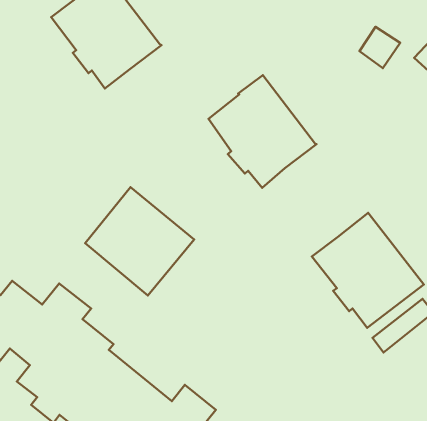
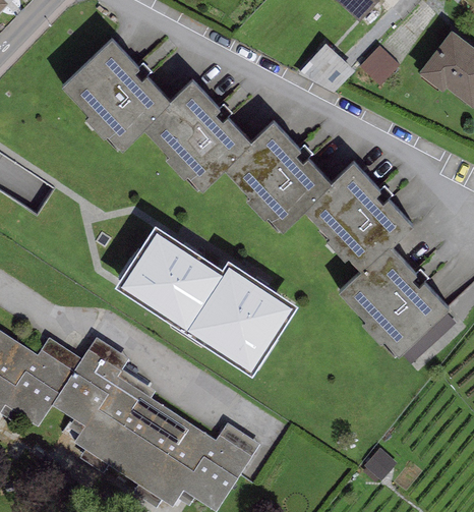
building: none -> [297,43,353,91]
building: none -> [141,70,250,181]
building: none -> [302,153,411,263]
building: none -> [181,270,295,383]

